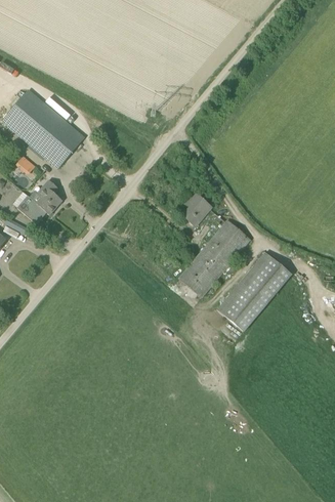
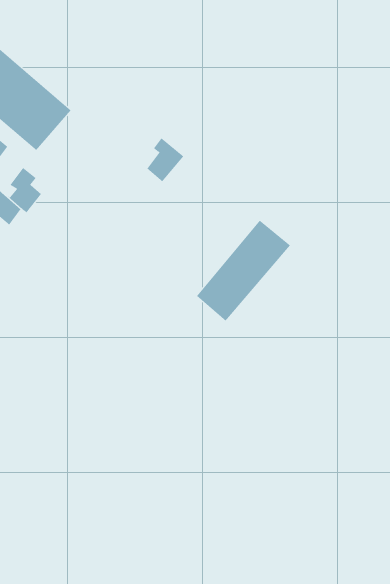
building: [182,192,211,225] -> [146,137,184,182]
building: [216,250,292,332] -> none

